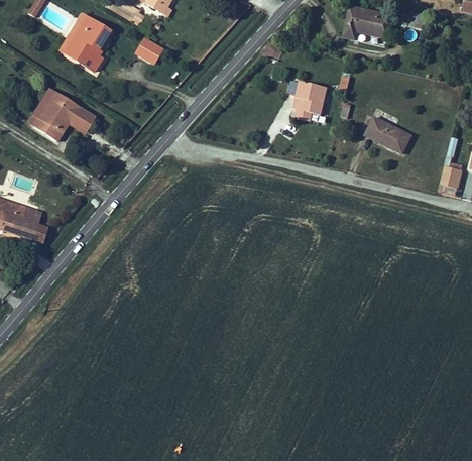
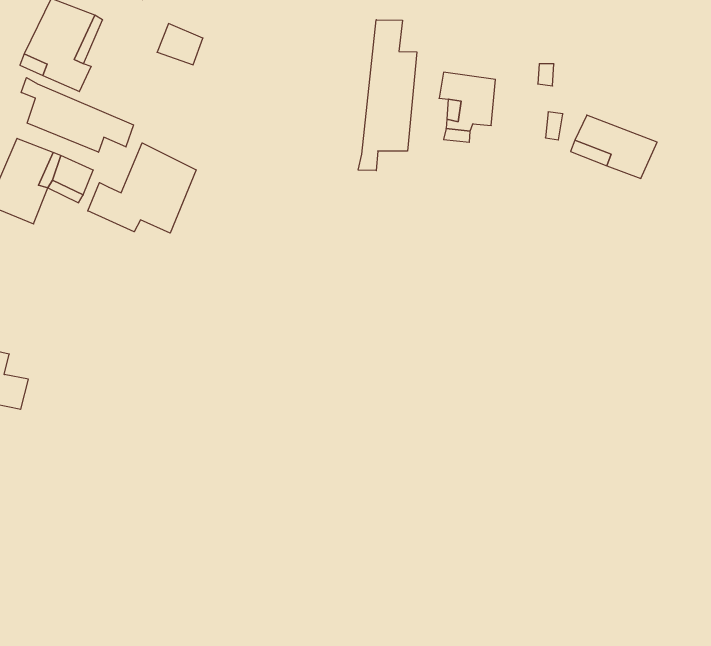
building: none -> [358,20,417,171]
building: none -> [21,78,134,152]
building: none -> [88,143,196,233]

